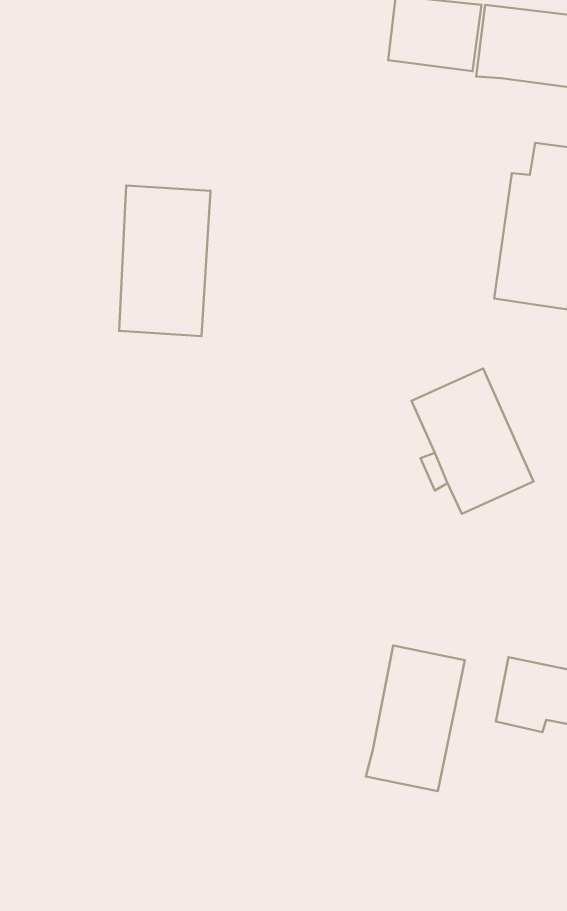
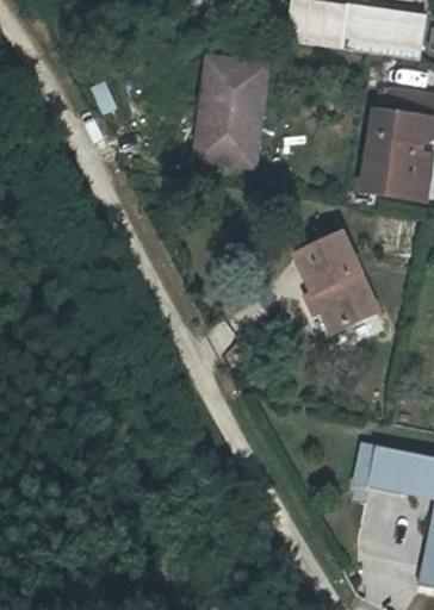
building: [119,186,211,336] -> [204,61,265,161]
building: [366,646,465,791] -> none

